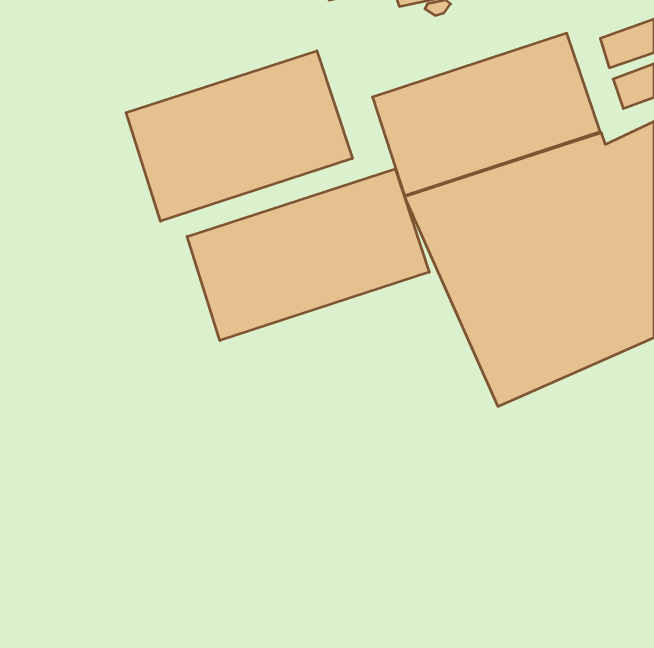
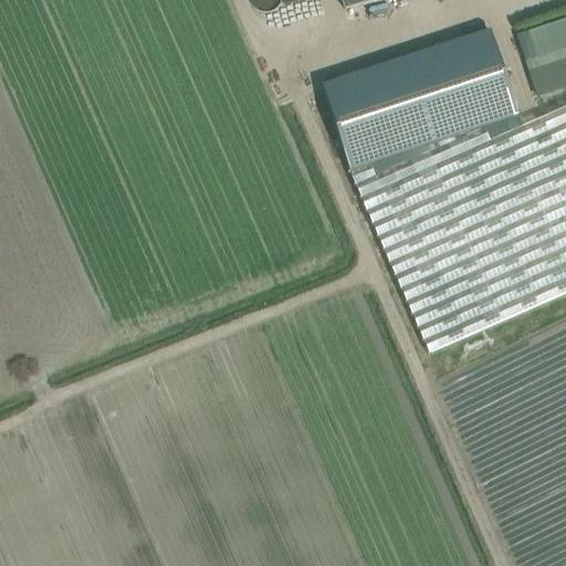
building: [126,51,352,221] -> none
building: [187,169,429,341] -> none

